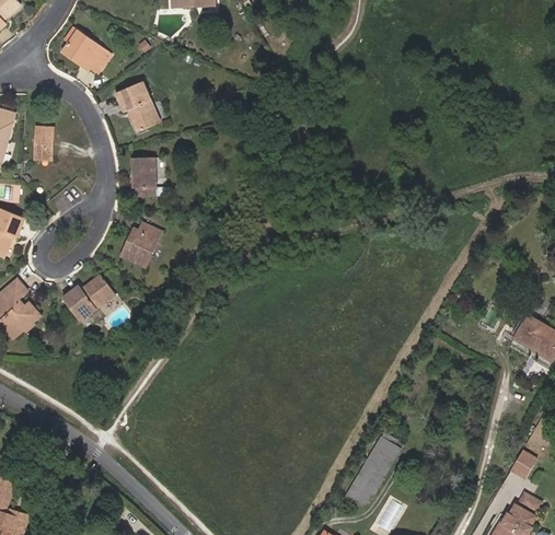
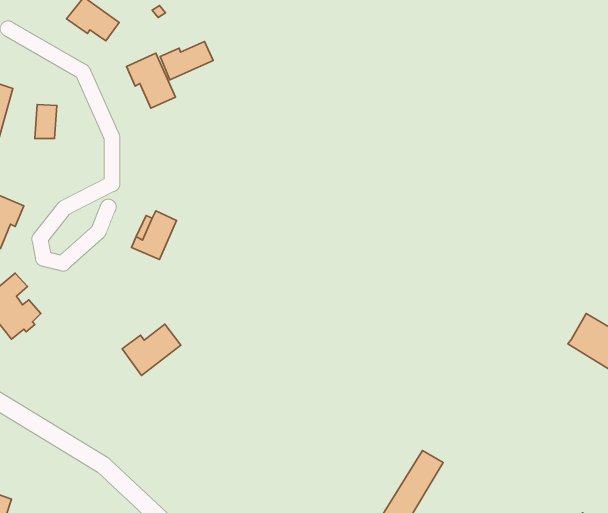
building: none -> [160,41,213,80]
building: [130,158,166,197] -> none
building: [62,276,115,322] -> [122,324,181,376]
building: [510,447,537,478] -> none

